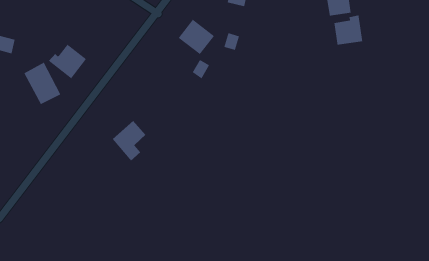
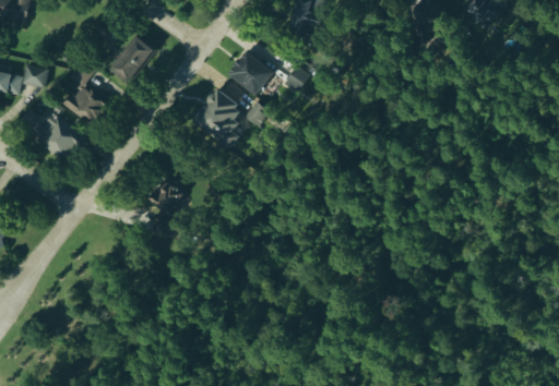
building: none -> [108,35,154,84]
building: [334,15,363,46] -> none
building: none -> [21,63,47,87]
building: none -> [191,91,243,149]

